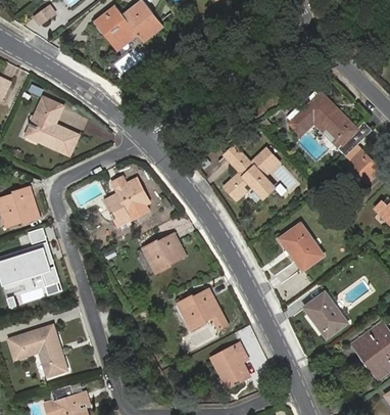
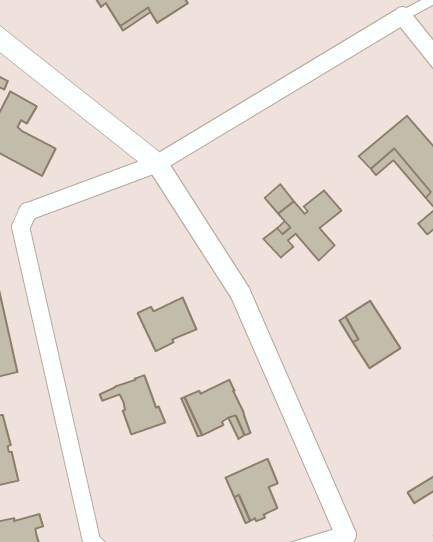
building: [104,175,148,223] -> none
building: none -> [100,375,165,434]
building: [306,292,349,339] -> none

